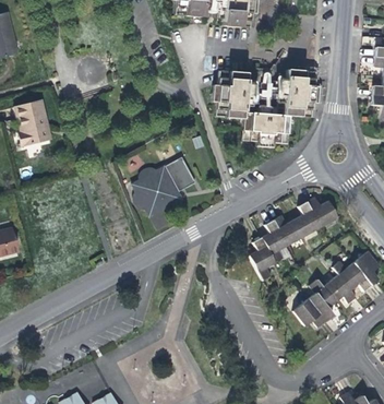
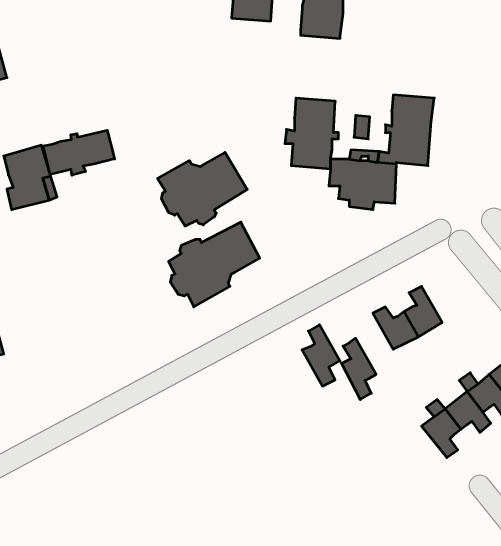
building: none -> [43,130,115,175]
building: none -> [158,152,247,226]
building: [307,195,337,226] -> none
building: [261,219,287,262] -> [302,325,340,386]
building: [292,298,324,326] -> none

